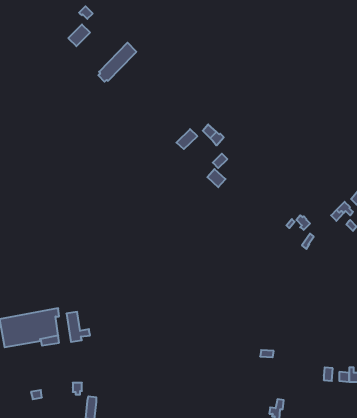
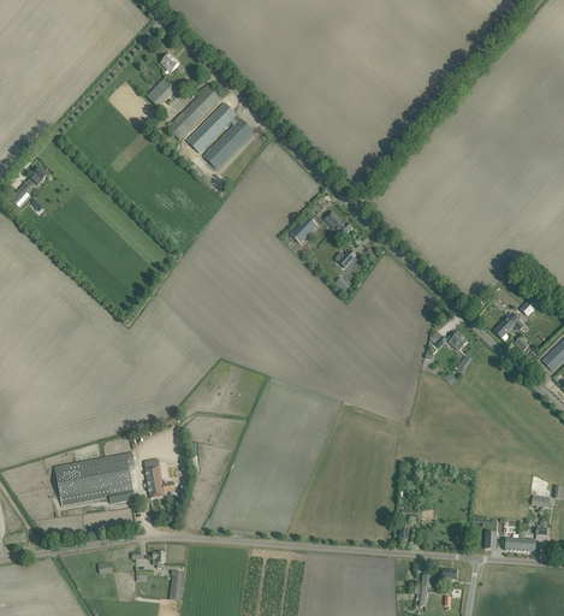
building: none -> [166,87,219,140]
building: none -> [202,114,251,168]

